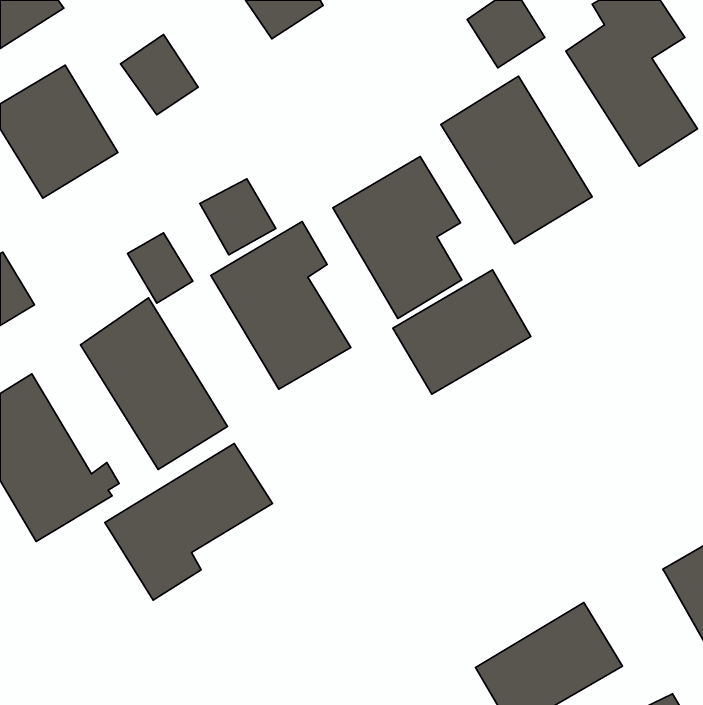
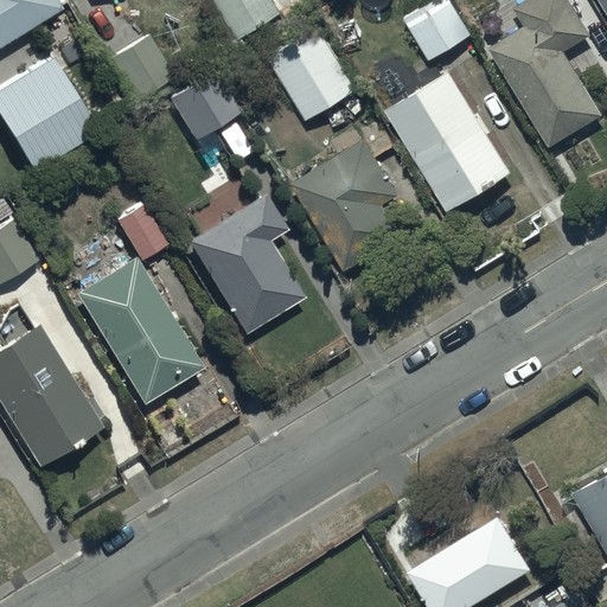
building: none -> [267,25,358,122]
building: [200,179,276,255] -> [167,78,232,143]
building: [393,270,531,394] -> none
building: [105,443,273,600] -> none

